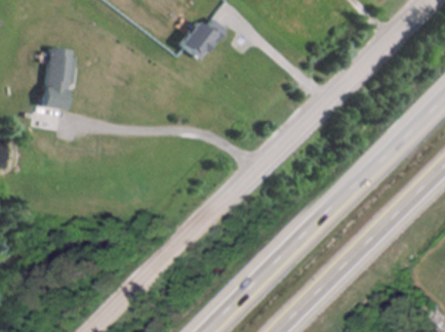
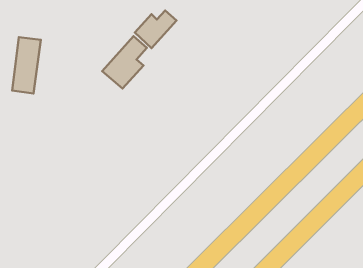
building: none -> [102,36,147,89]

